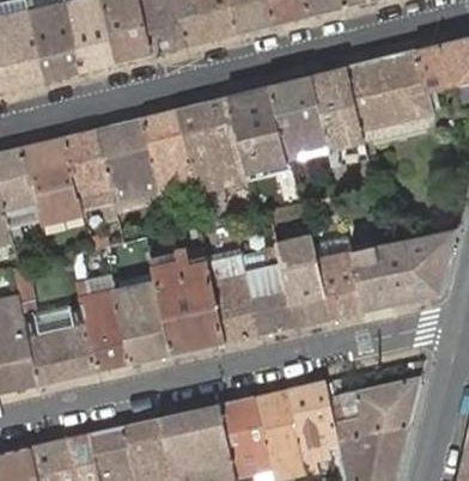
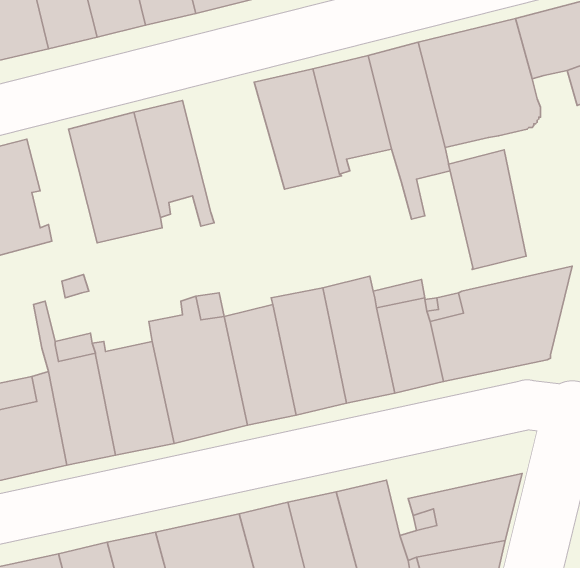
building: [176,97,250,190] -> none
building: [65,130,117,219] -> none
building: none -> [449,150,526,270]

